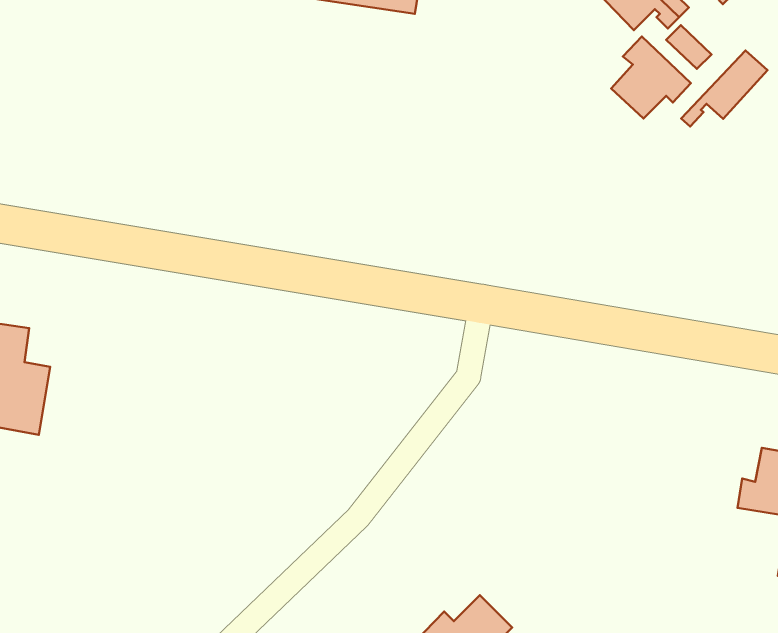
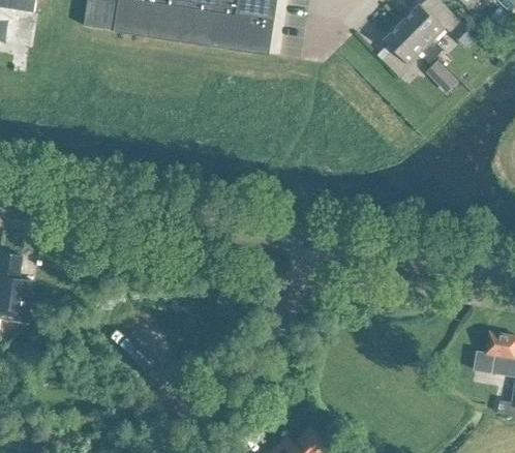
building: [611,37,691,119] -> none
building: [681,50,767,127] -> none

